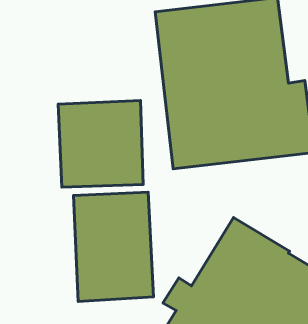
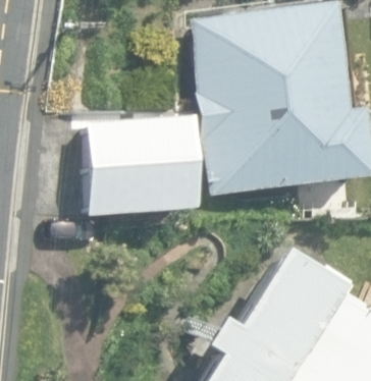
building: [73,192,154,302] -> none

